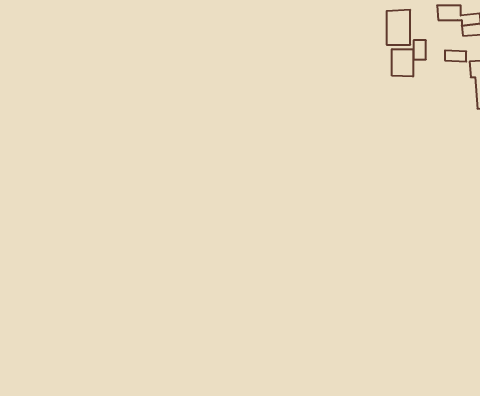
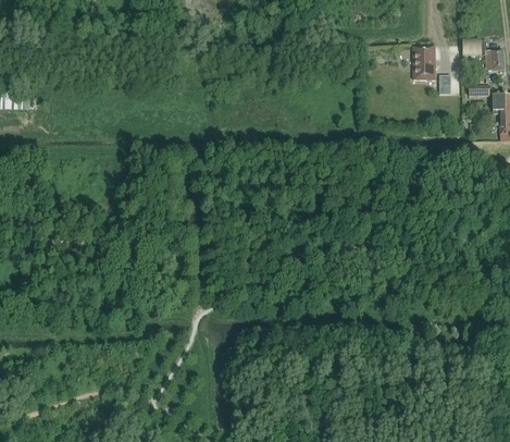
building: [392,49,413,77] -> none

